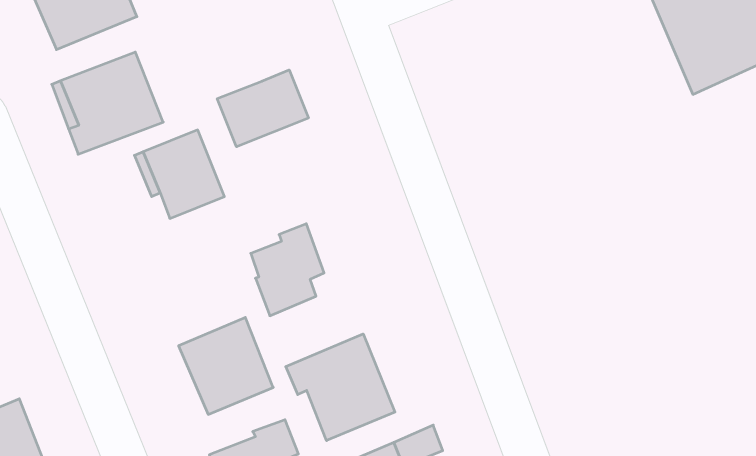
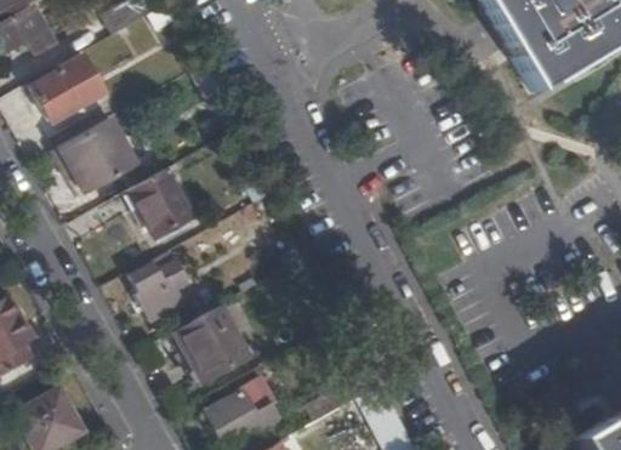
building: [217,70,308,147] -> none
building: [251,224,324,316] -> [132,249,189,321]
building: [286,334,395,441] -> none

